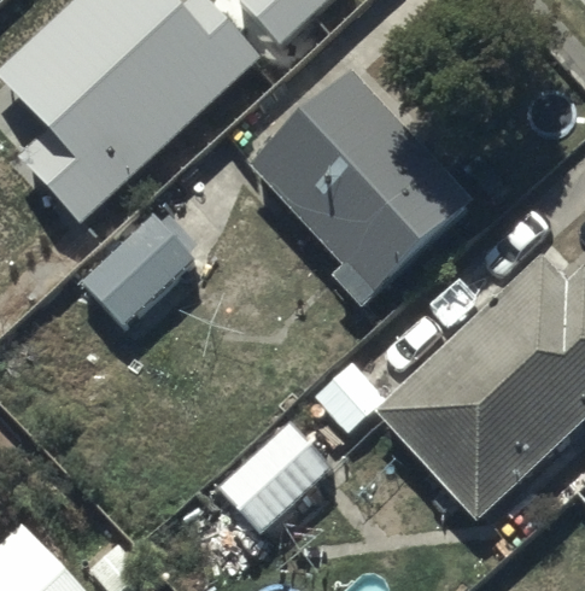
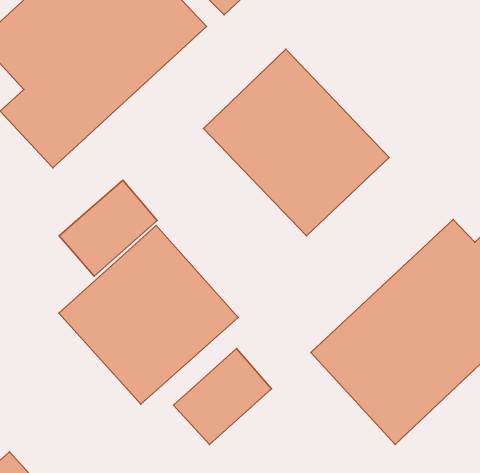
building: none -> [59,226,238,404]

